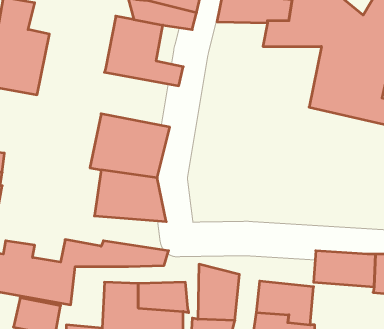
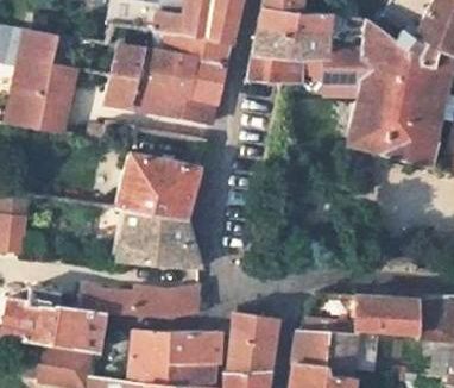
building: none -> [106,44,145,105]
building: none -> [247,55,305,81]
building: none -> [188,58,226,102]

